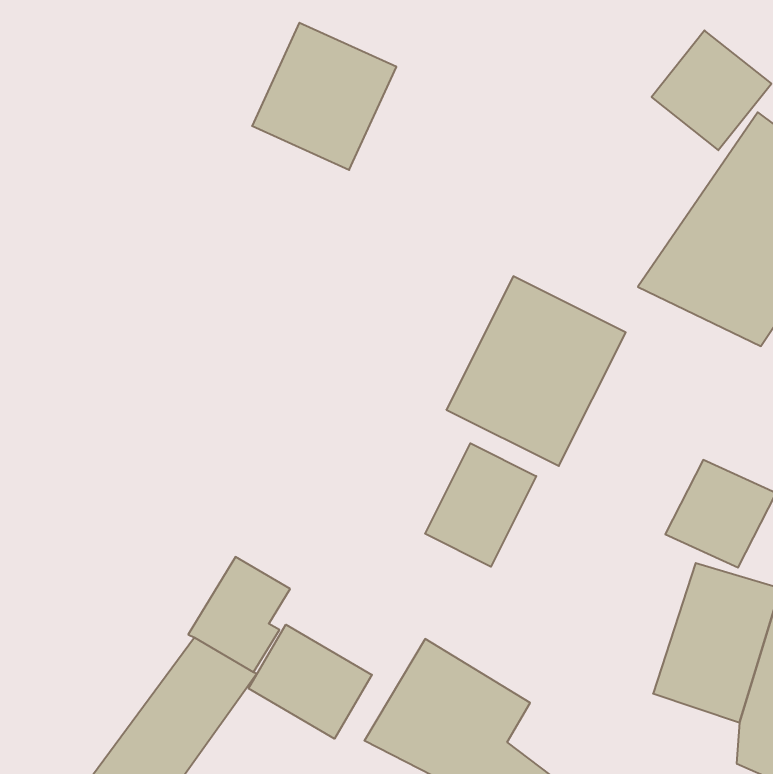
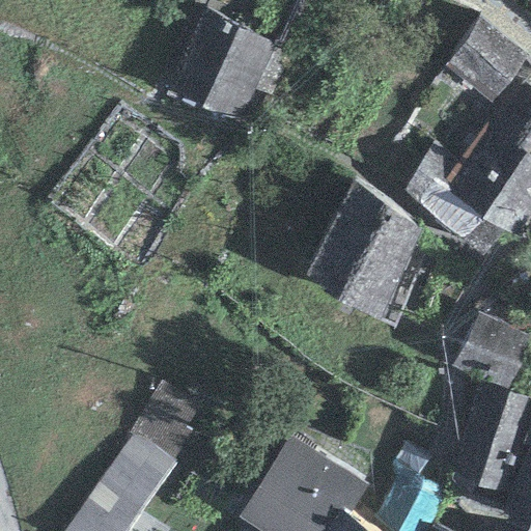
building: [425,443,536,567] -> none
building: [249,625,372,739] -> none

